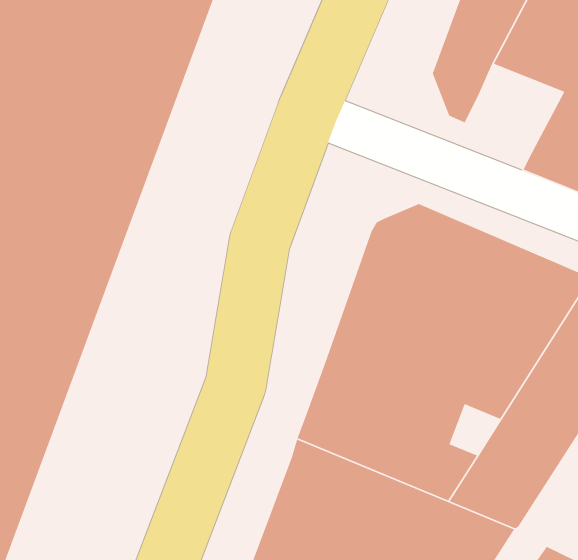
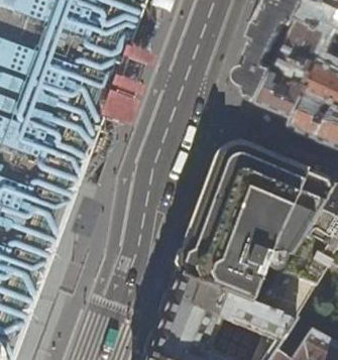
building: none -> [265,69,319,116]

